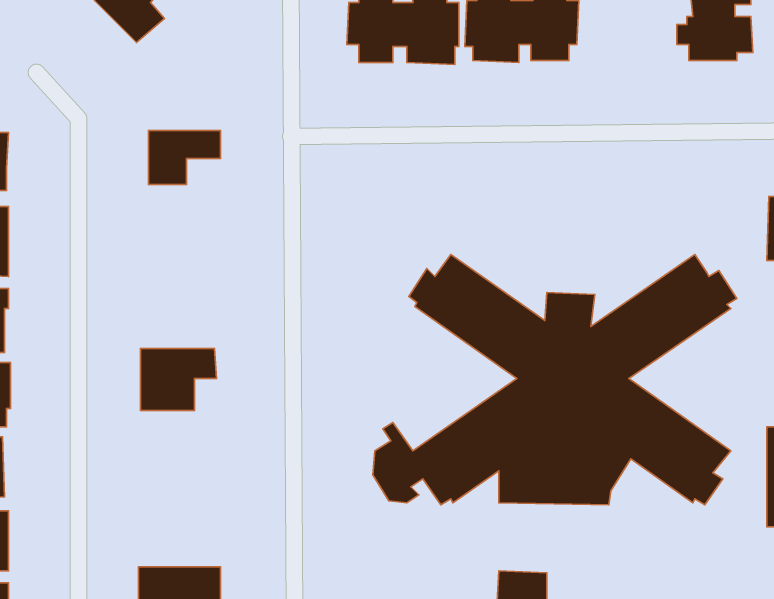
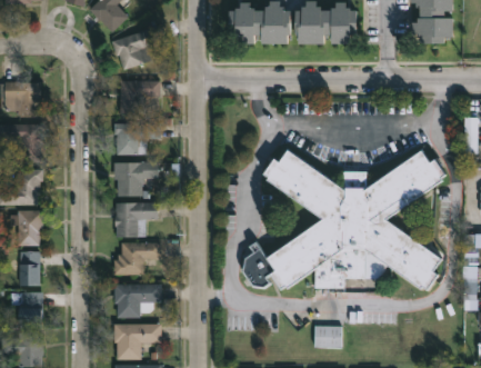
building: none -> [112,27,160,70]
building: none -> [113,123,160,155]
building: none -> [112,161,159,196]
building: none -> [113,242,160,275]
building: none -> [114,284,161,317]

